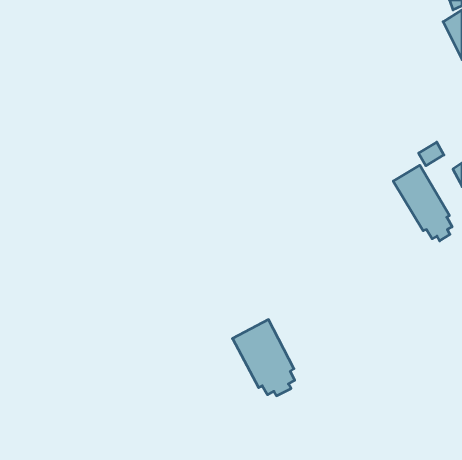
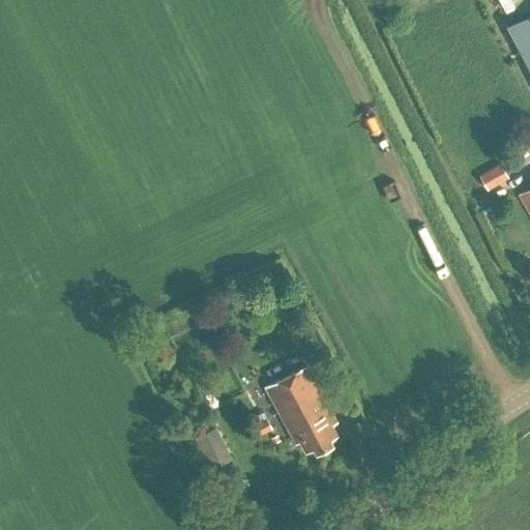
building: [393,165,452,241] -> none
building: none -> [195,429,232,472]

